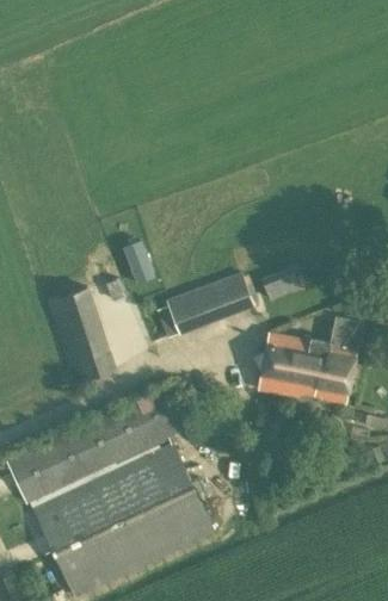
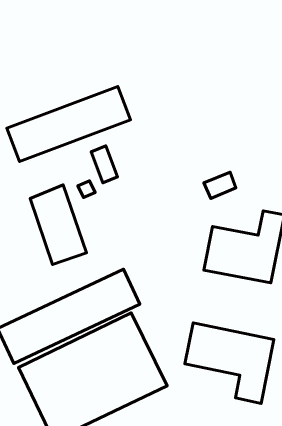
building: none -> [7,86,130,161]
building: [156,274,253,340] -> none
building: none -> [185,323,274,403]

